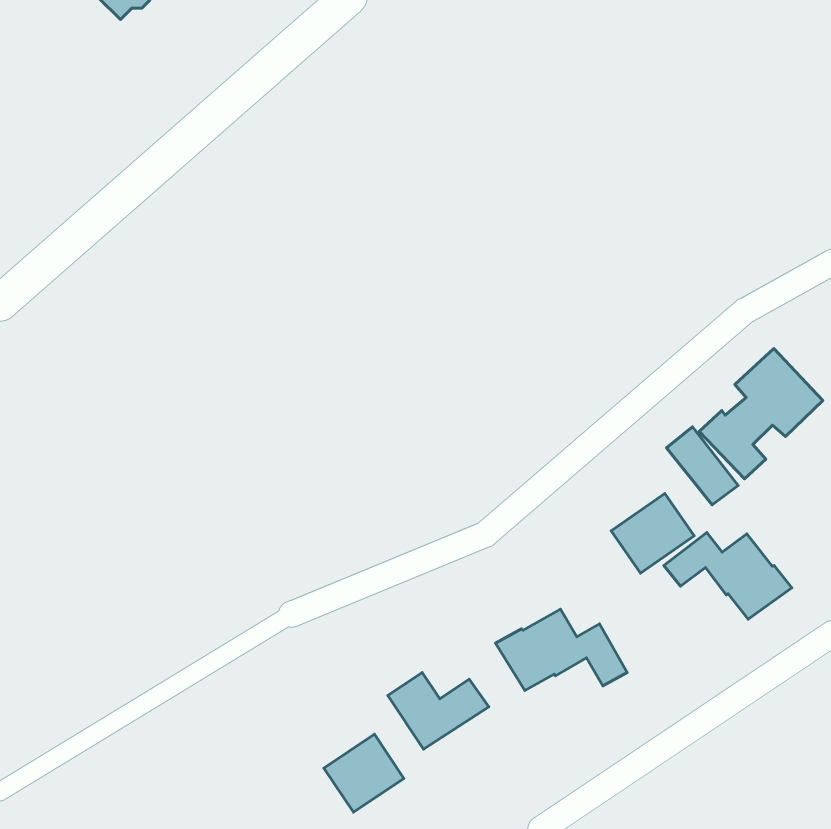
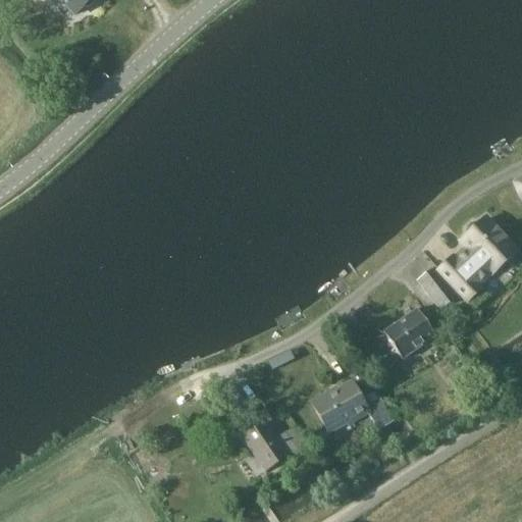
building: [664,532,792,619] -> none
building: [324,734,404,812] -> none

